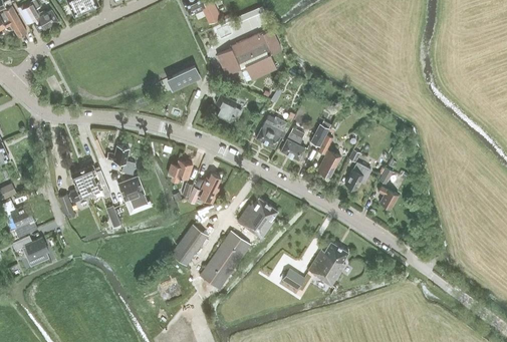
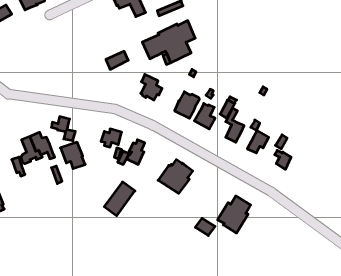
building: [200,230,250,288] -> none

